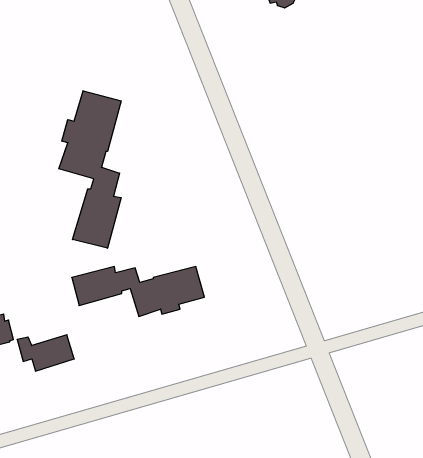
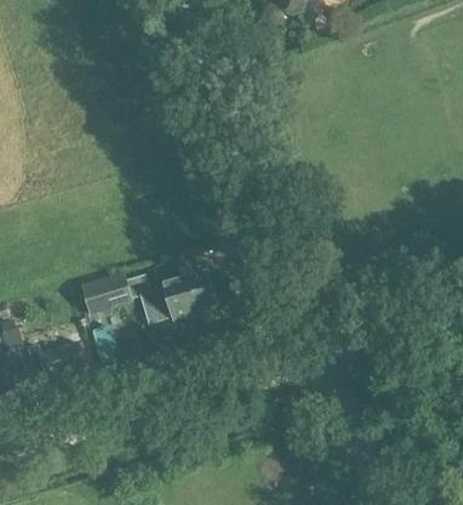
building: [59,91,121,248] -> none

